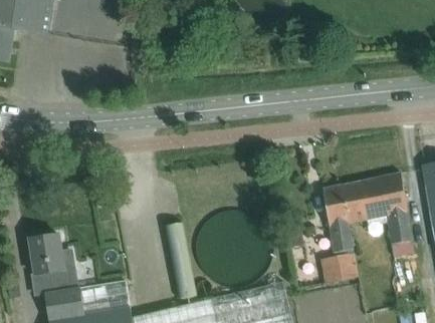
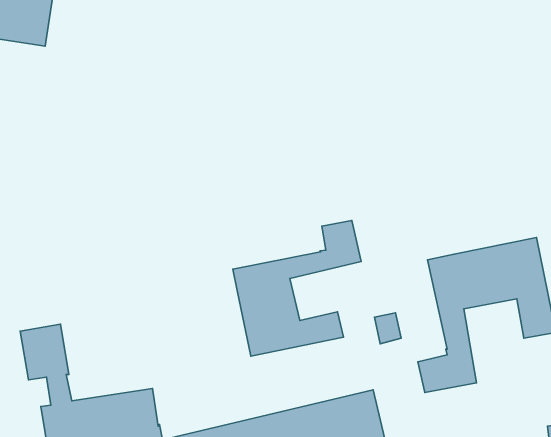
building: none -> [233,221,361,356]

